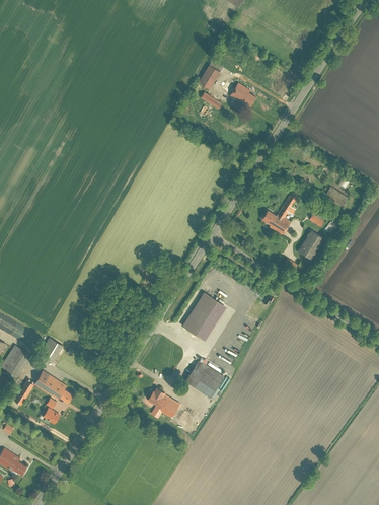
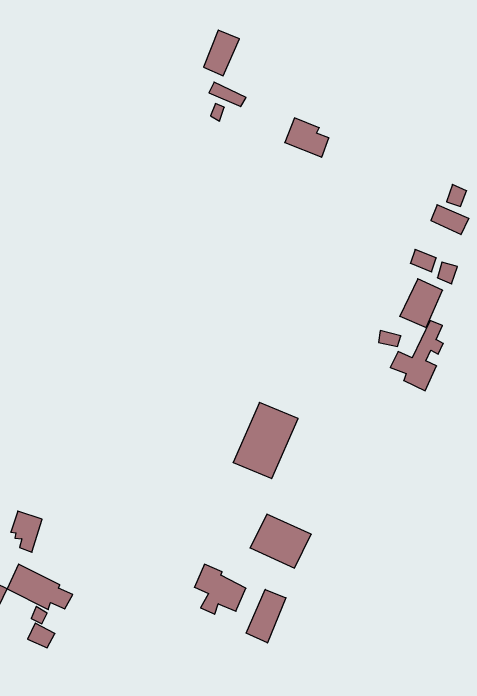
building: [229,82,256,109] -> [285,118,329,157]
building: [261,194,297,236] -> [390,320,443,391]
building: none -> [246,589,286,643]

